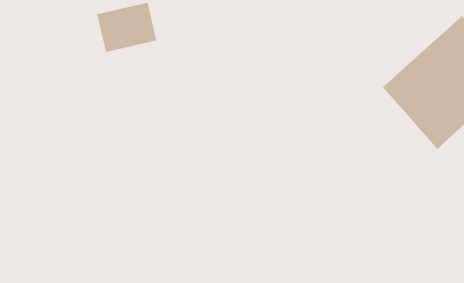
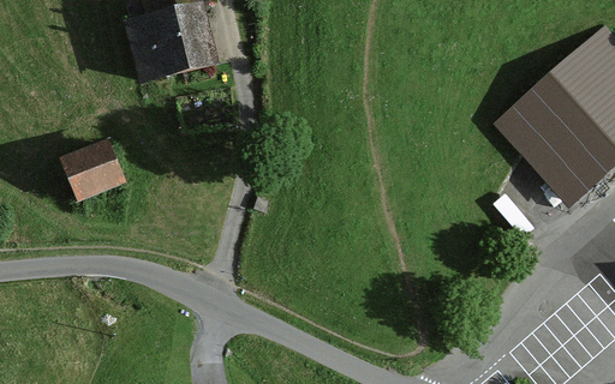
building: none -> [68,142,123,193]

